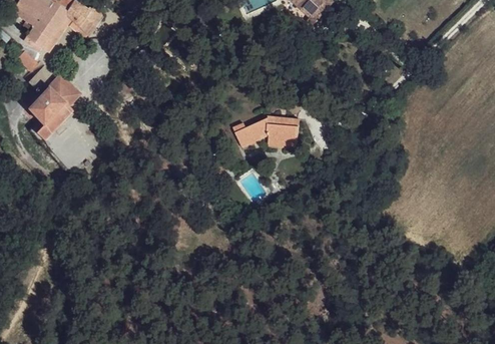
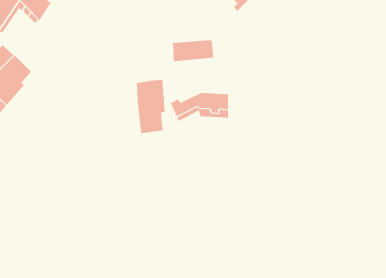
building: none -> [172,39,214,62]
building: none -> [136,79,165,134]

